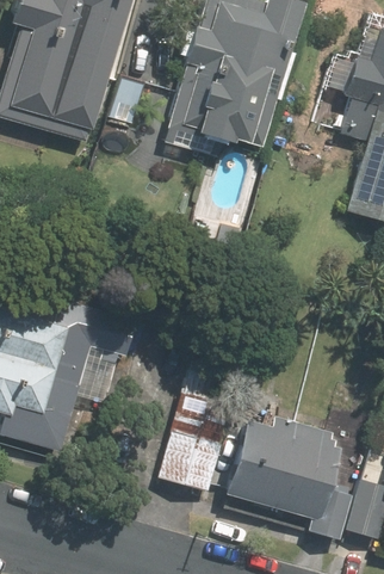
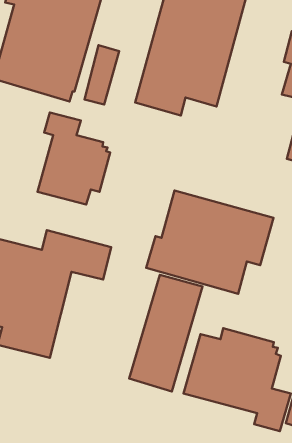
building: none -> [38,113,110,205]
building: none -> [146,190,273,294]

